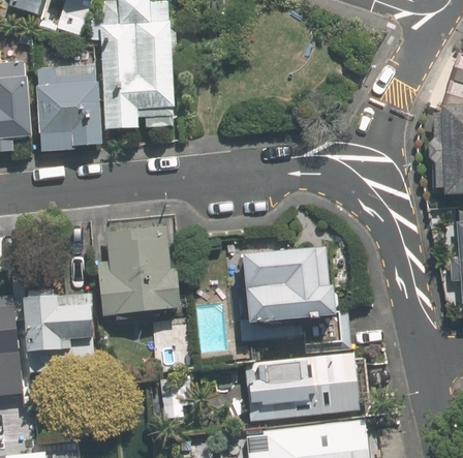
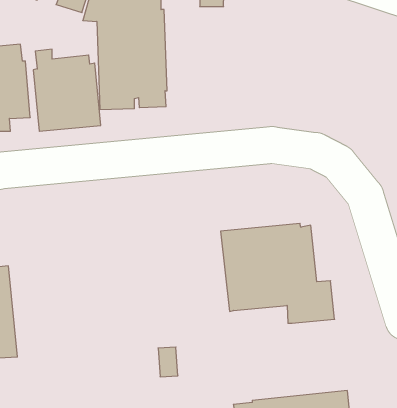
building: [95,224,179,313] -> none
building: [26,291,97,367] -> none
building: [245,354,356,420] -> none

